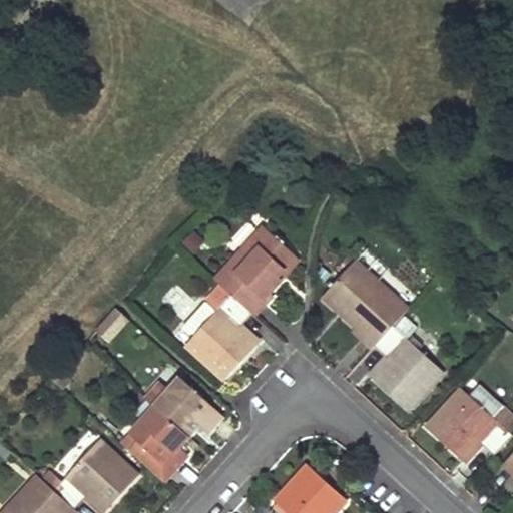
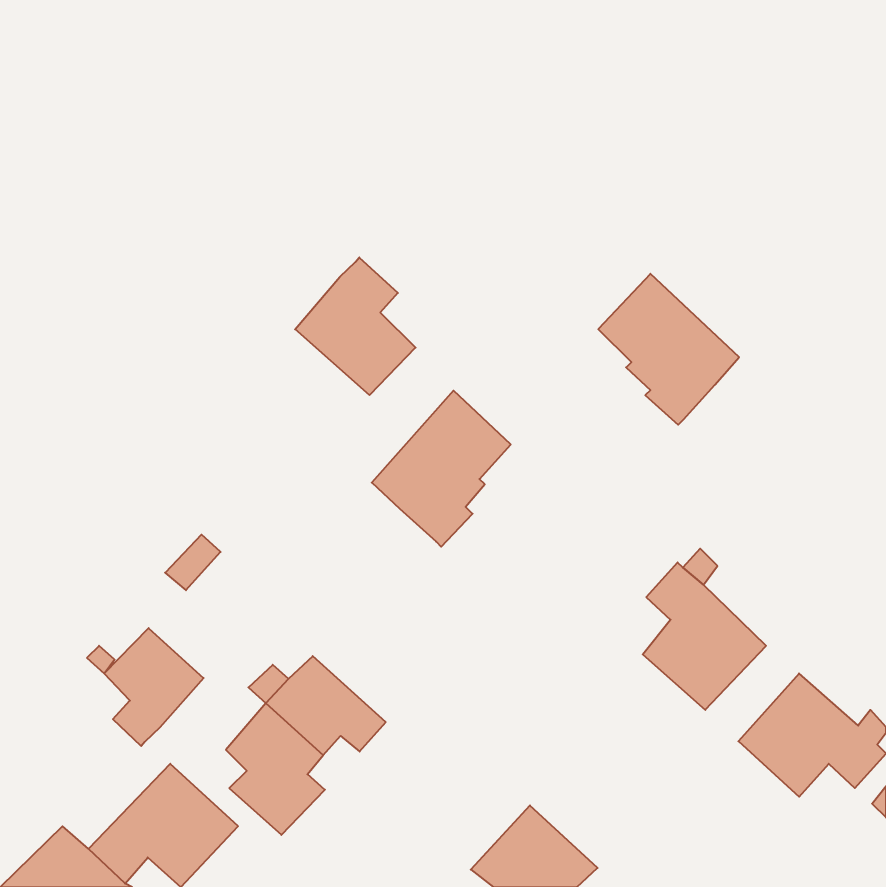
building: none -> [295,257,416,395]
building: [324,261,405,348] -> [598,274,739,425]
building: [184,294,256,381] -> none
building: none -> [104,628,204,746]

